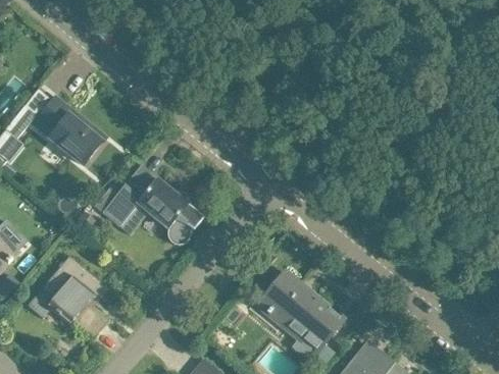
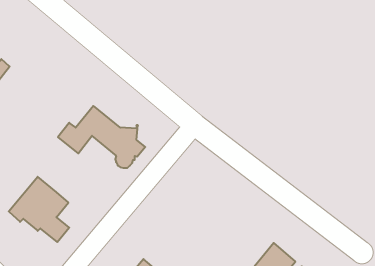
building: [38,98,105,165] -> none
building: [256,274,343,353] -> none

